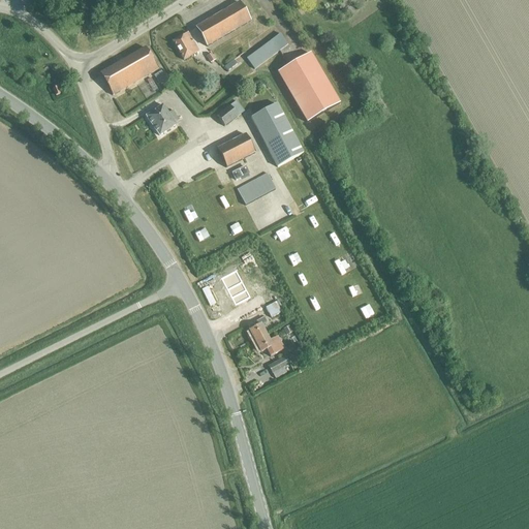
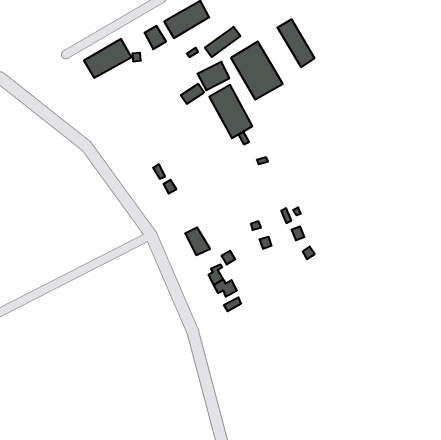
building: none -> [277,19,314,67]
building: [147,102,179,134] -> none
building: [216,132,254,166] -> [197,62,229,90]
building: [237,172,276,204] -> none

